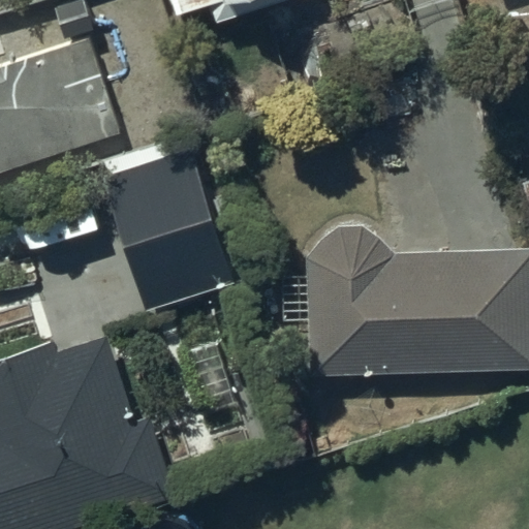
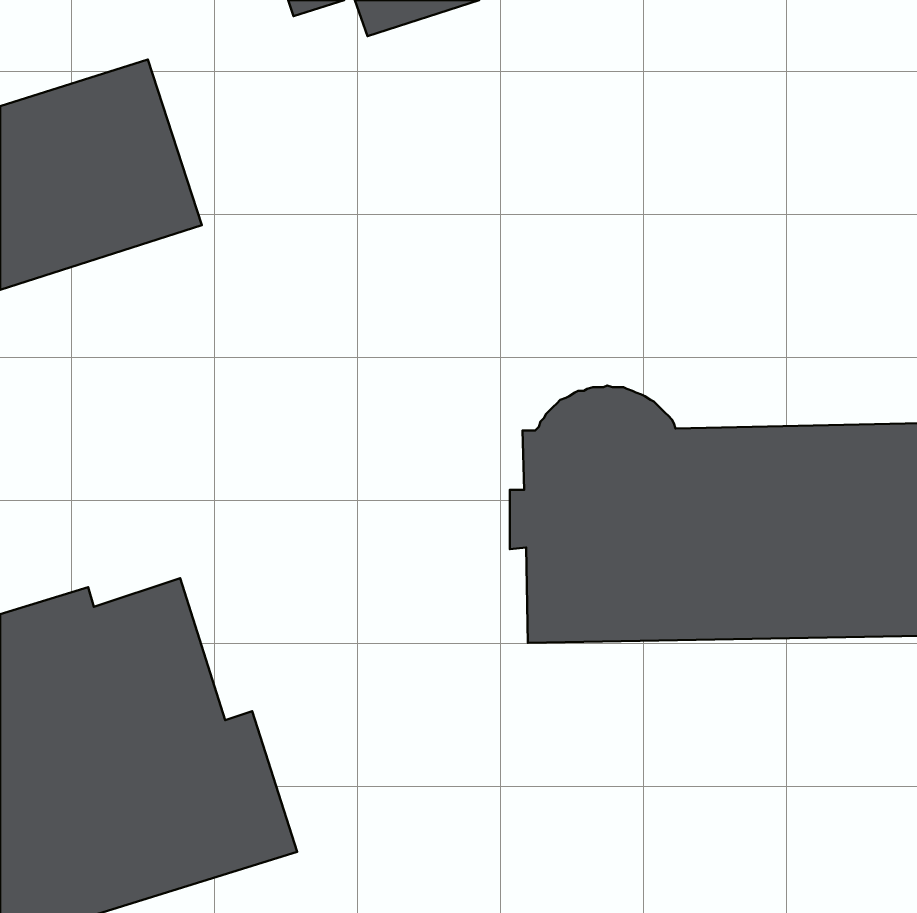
building: [93,148,236,316] -> none

